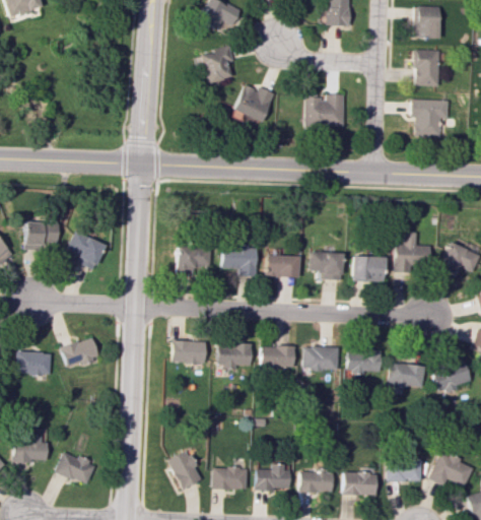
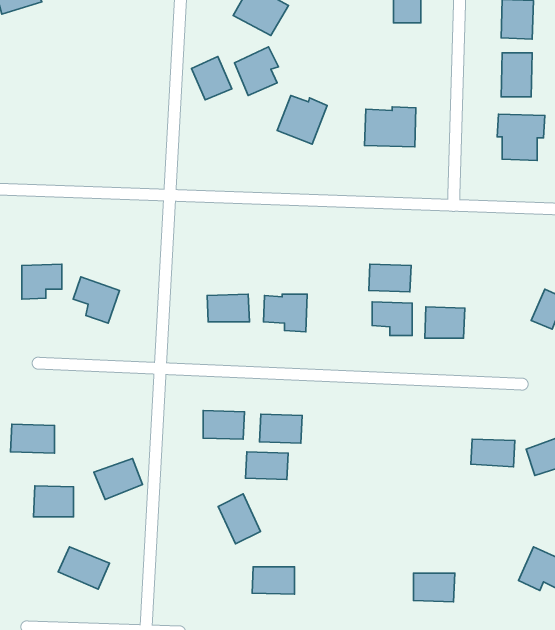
building: none -> [191,56,232,100]
building: [394,232,429,272] -> none
building: [265,255,299,277] -> [369,264,411,292]
building: [61,336,100,370] -> [94,458,143,500]
building: [261,345,295,368] -> [246,452,288,479]
building: [303,346,339,371] -> none
building: [347,349,382,373] -> none
building: [13,436,46,461] -> [34,486,74,517]
building: [167,449,202,490] -> [218,494,261,544]
building: [387,460,421,481] -> none
building: [256,463,288,490] -> none
building: [299,469,333,493] -> none

